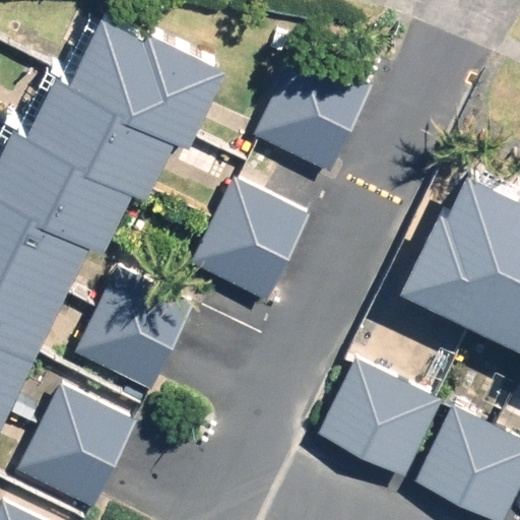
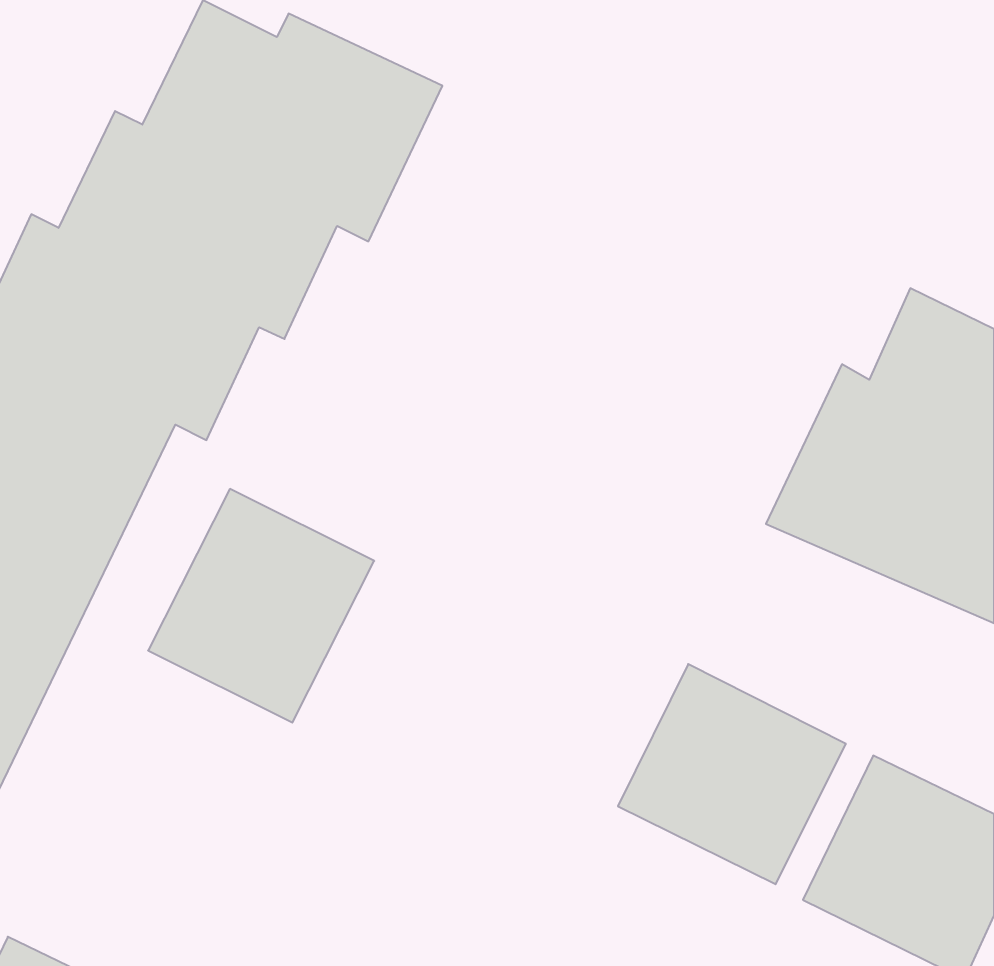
building: [255,57,360,170] -> none
building: [192,182,299,298] -> none
building: [20,388,135,508] -> none

